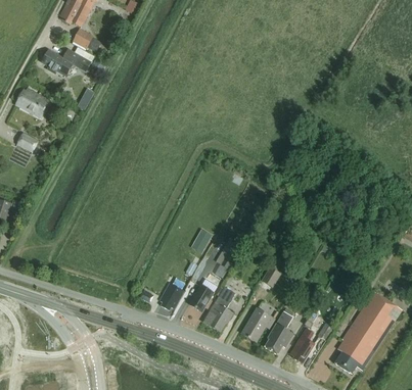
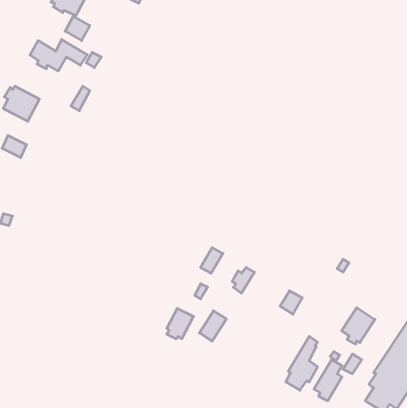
building: none -> [342,308,375,344]
building: [204,286,235,330] -> none
building: [242,307,273,341] -> none

